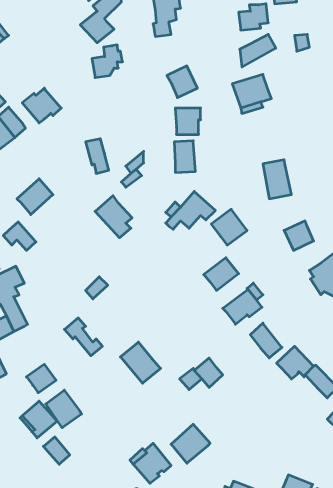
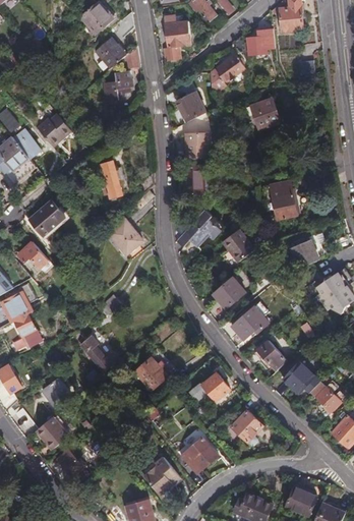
building: [240,34,276,67] -> [209,56,243,88]
building: [46,390,82,428] -> none
building: none -> [231,410,262,443]

